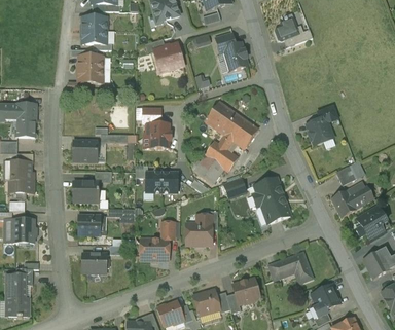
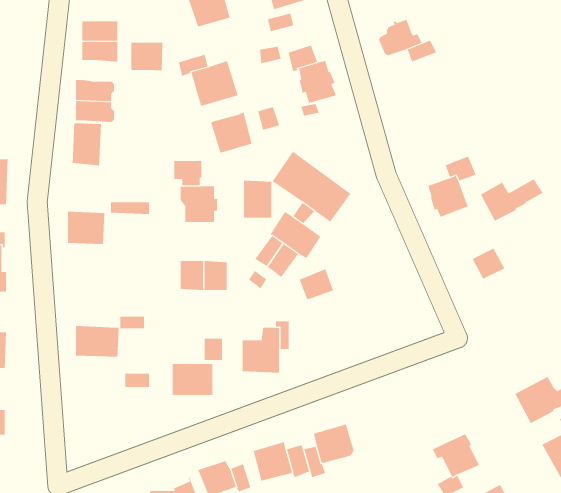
building: none -> [131,42,163,71]
building: none -> [211,112,252,153]
building: none -> [72,122,101,166]
building: none -> [244,180,272,219]
building: [252,177,290,222] -> none
building: [73,180,99,201] -> none
building: [331,188,372,216] -> [480,179,544,221]
building: [355,206,387,241] -> none
building: [268,252,313,283] -> none
building: [82,253,107,272] -> none

